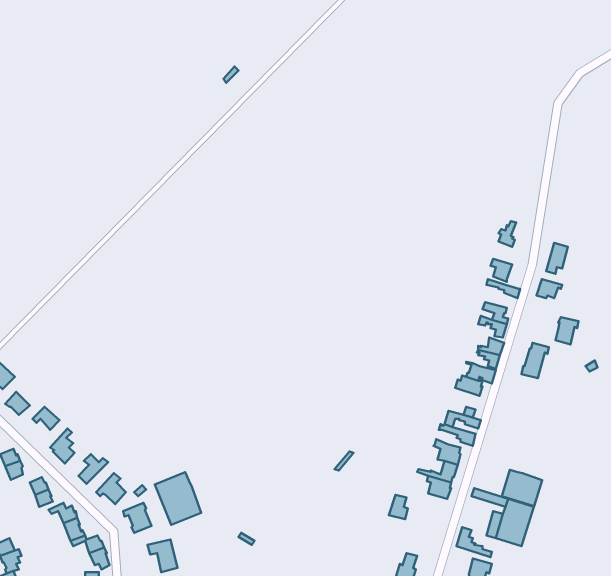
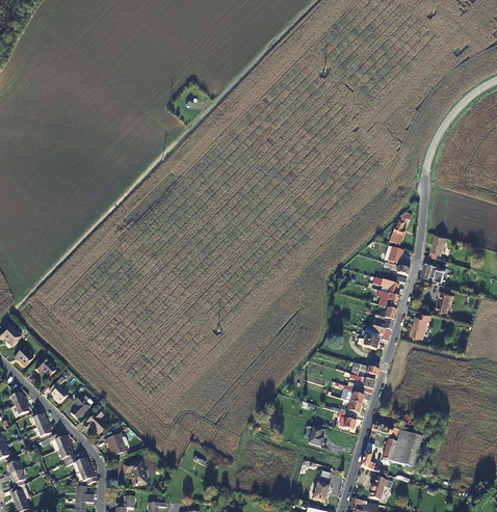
building: [502,470,542,506] -> none
building: [155,472,201,525] -> none

